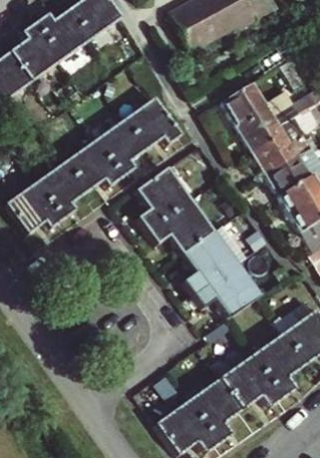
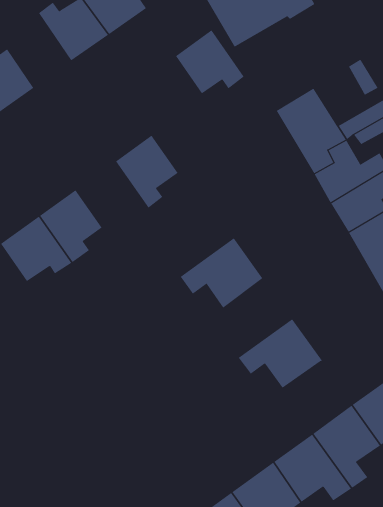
building: [11,21,61,80] -> none
building: [125,96,181,147] -> [175,30,245,94]
building: [65,138,122,190] -> none
building: [136,166,191,230] -> none
building: [182,231,237,294] -> none

